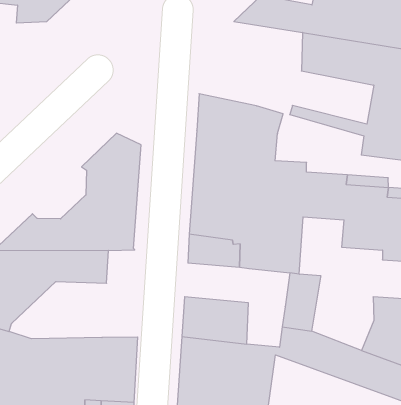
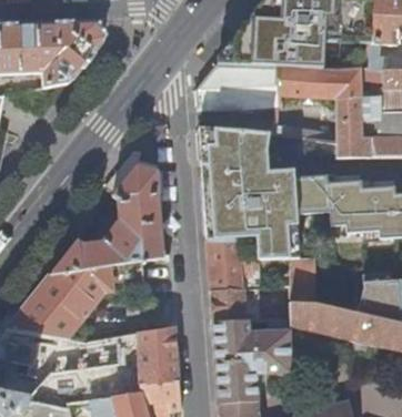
building: none -> [195,63,281,111]
building: none -> [208,261,261,291]

